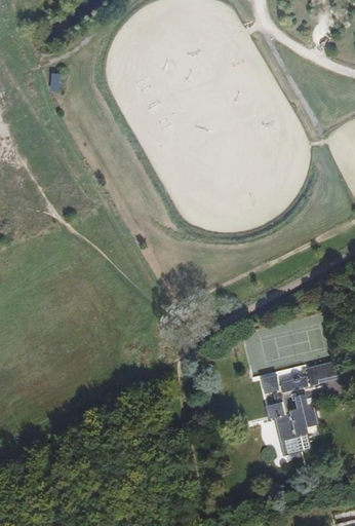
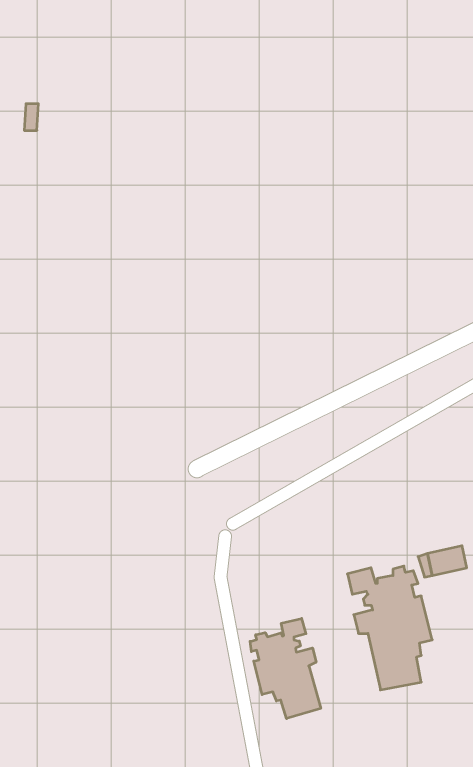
building: none -> [250,618,321,719]

